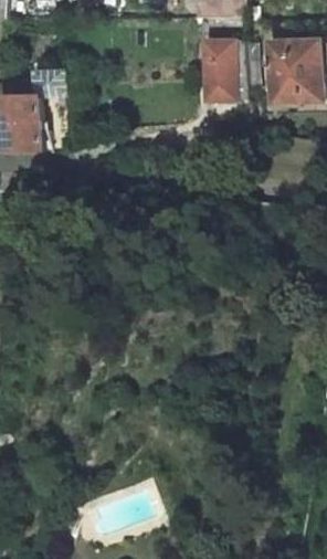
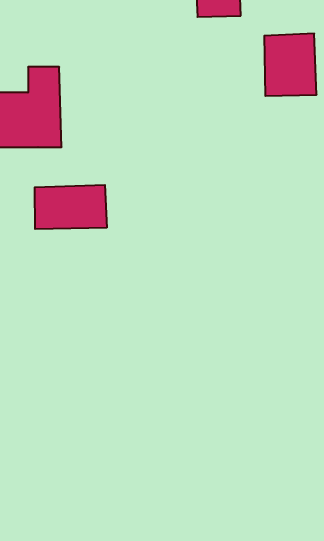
building: [197,36,241,101] -> none
building: none -> [35,185,107,229]

